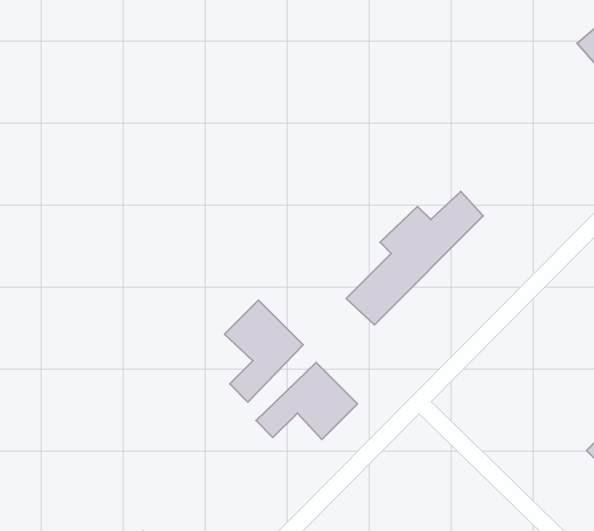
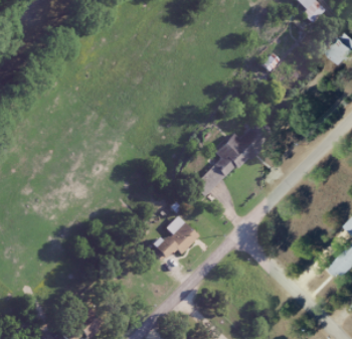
building: [225,300,303,402] -> none

